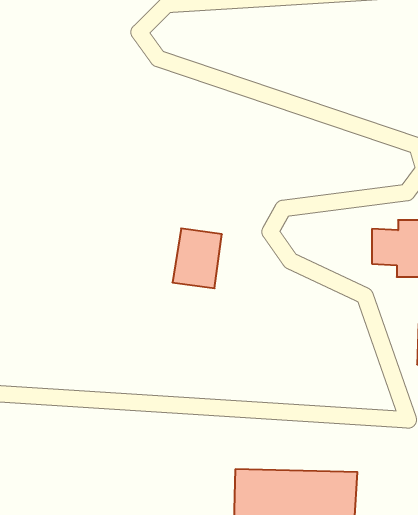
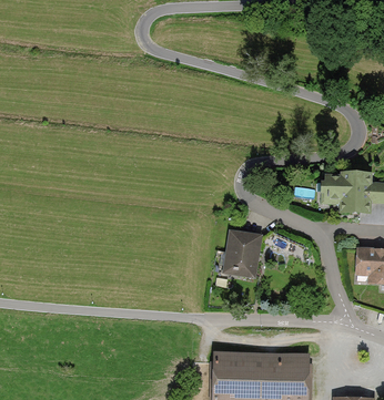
building: [172,228,222,288] -> [224,229,262,275]

